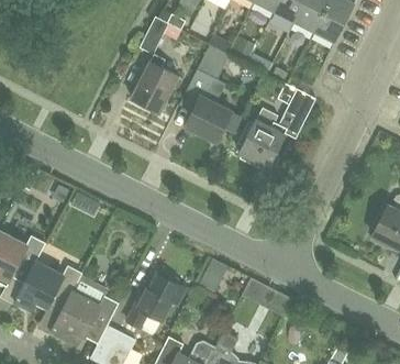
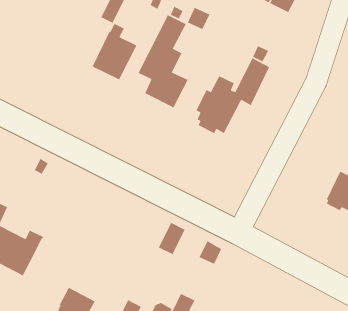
building: [126,271,186,327] -> none
building: [51,275,119,343] -> none

